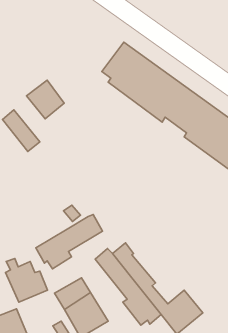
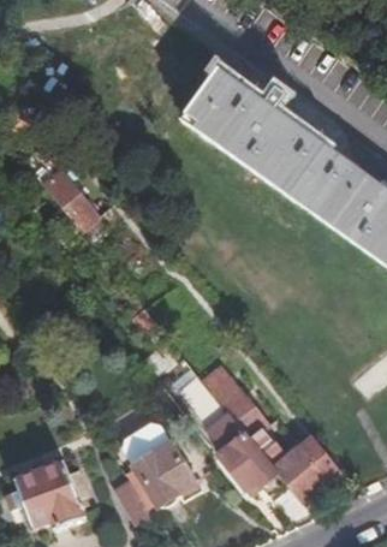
building: [27,80,64,119] -> none
building: [36,215,102,269] -> none
building: [6,258,48,302] -> none

